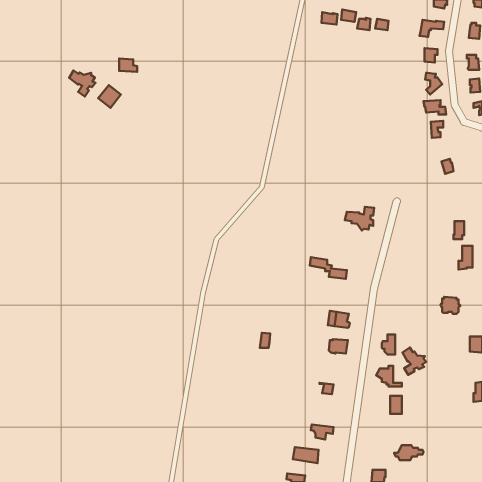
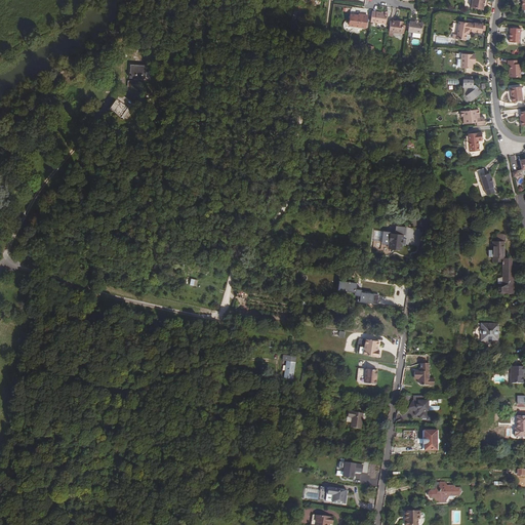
building: [69,71,96,97] -> none
building: [403,348,426,375] -> none

